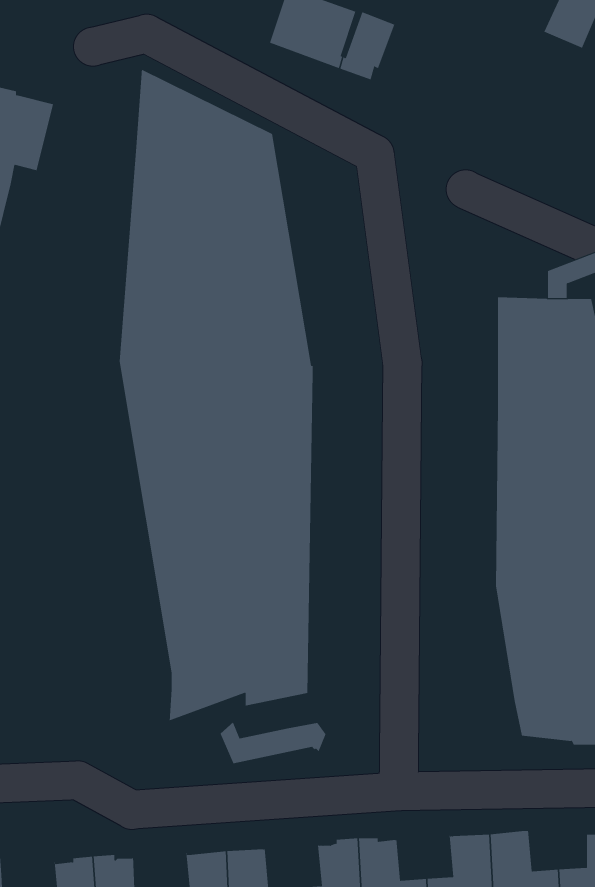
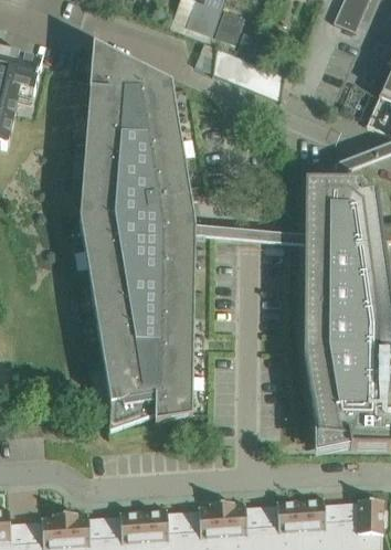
building: none -> [212,47,285,104]
building: [220,721,326,764] -> none

